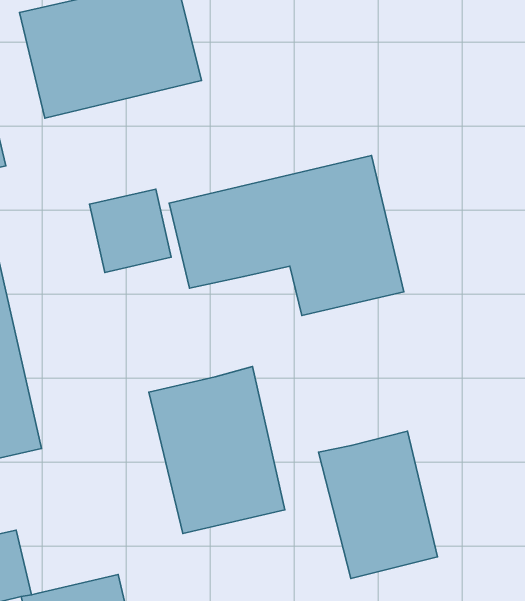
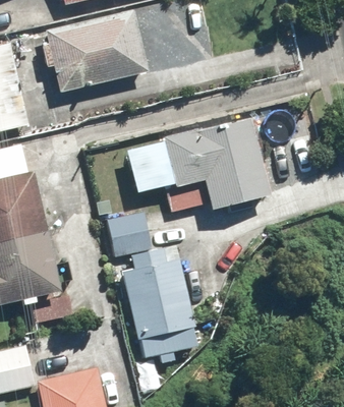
building: [90,189,171,272] -> [107,210,156,259]
building: [319,431,438,579] -> none

